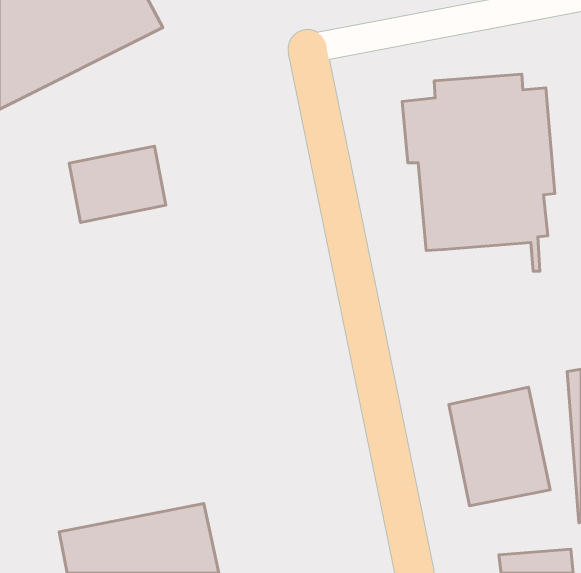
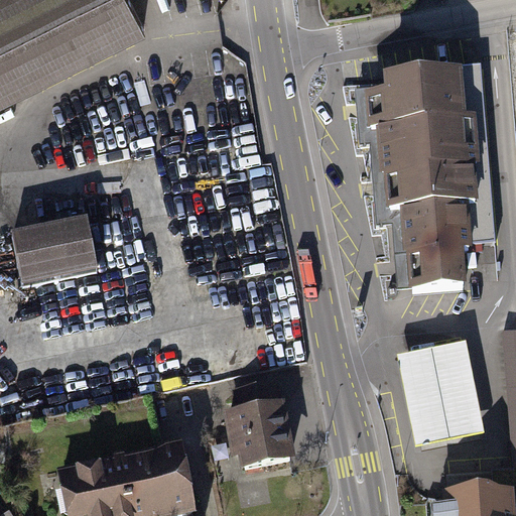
building: [69,146,166,222] -> [11,214,97,281]
building: none -> [392,215,473,292]
building: none -> [222,382,296,477]

